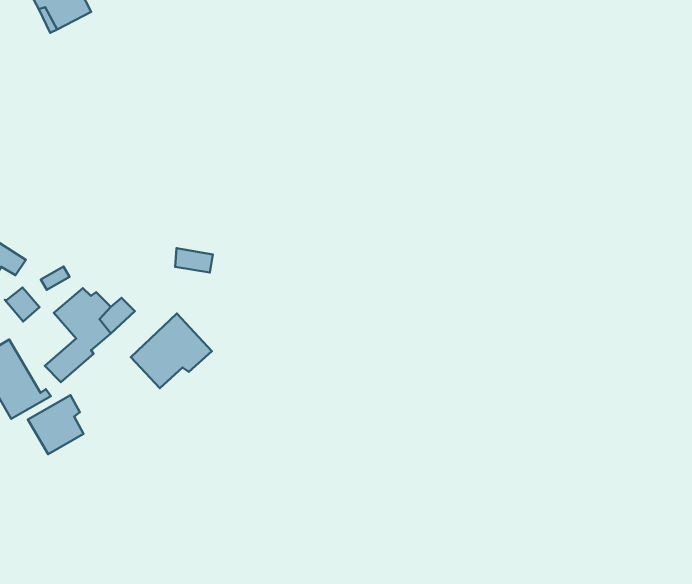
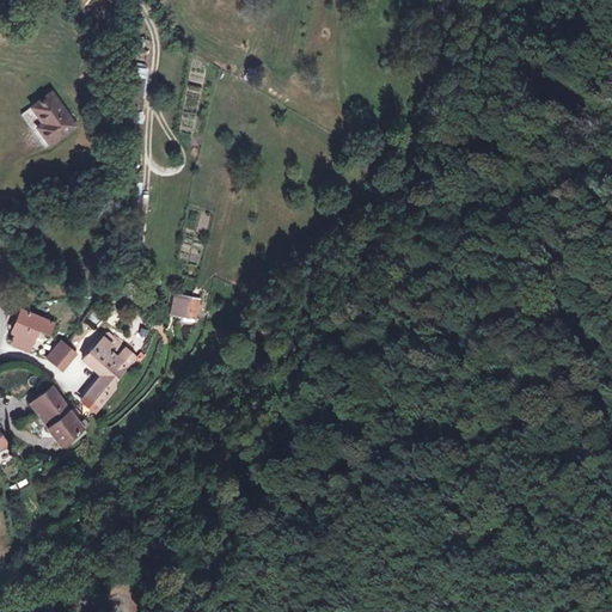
building: [131,314,212,388] -> none
building: [28,395,84,454] -> none

